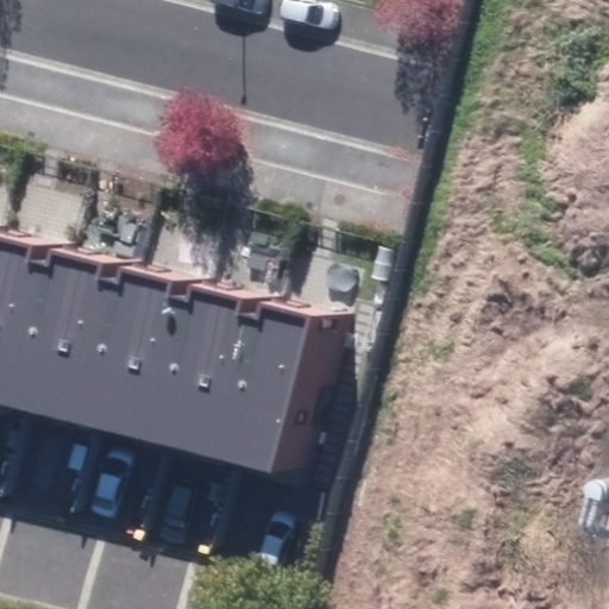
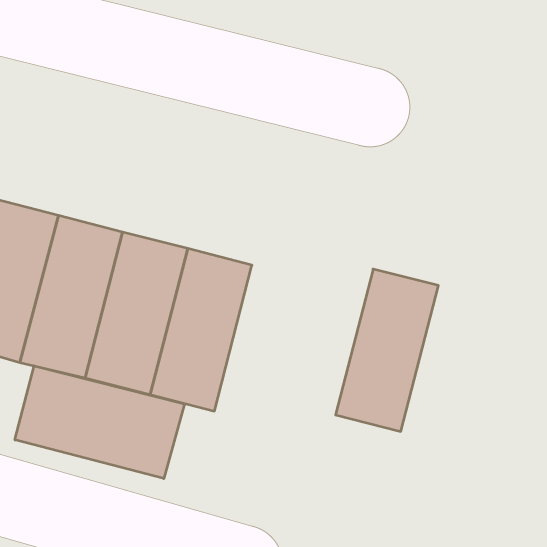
building: [231,304,341,479] -> [336,269,438,431]
building: none -> [15,366,184,479]

